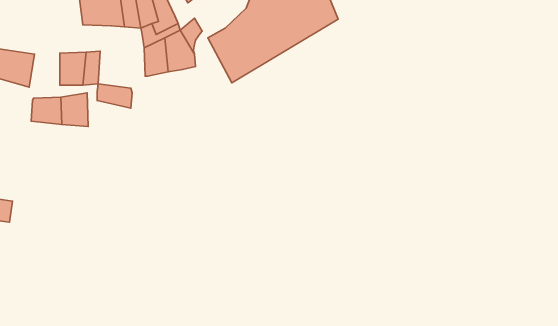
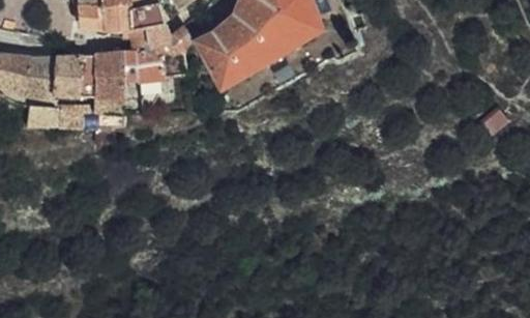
building: none -> [93,55,125,91]
building: none -> [28,58,58,94]

